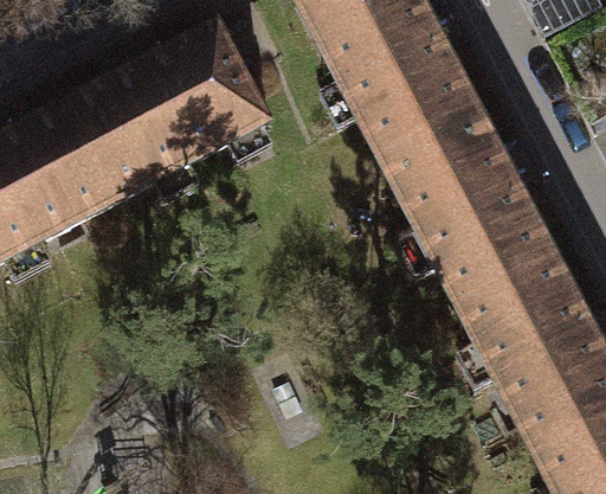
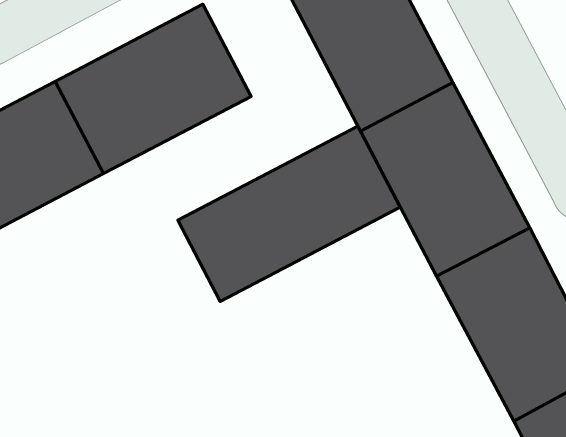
building: none -> [178,126,400,301]

